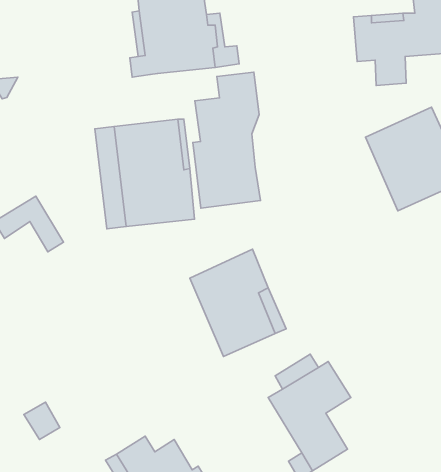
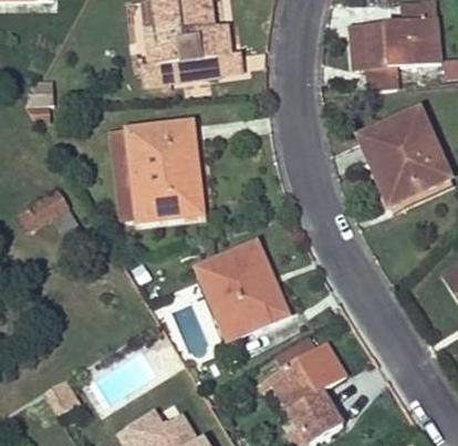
building: [193,72,260,208] -> none

